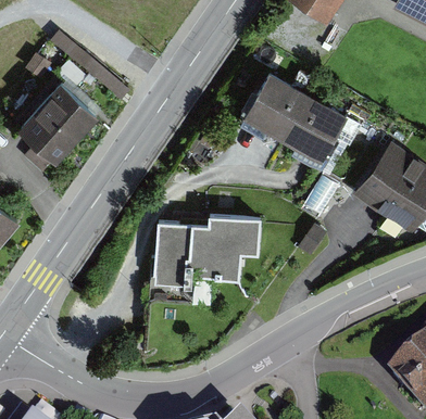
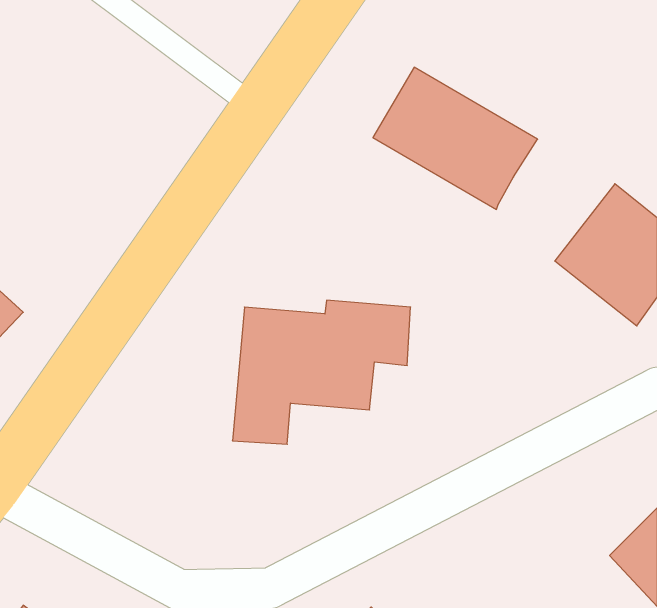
building: [21,86,97,173] -> none

